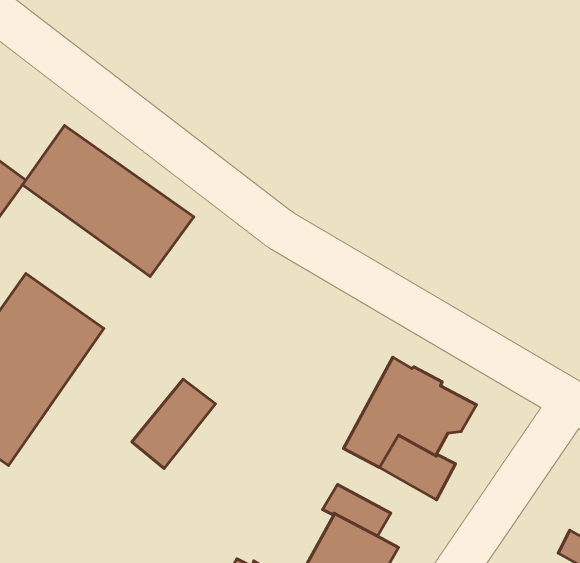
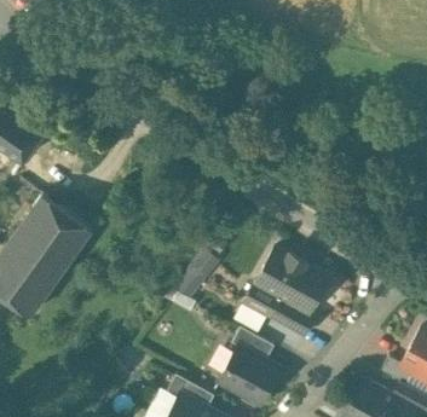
building: [23,125,194,276] -> none
building: [132,379,215,469] -> [167,245,220,302]

